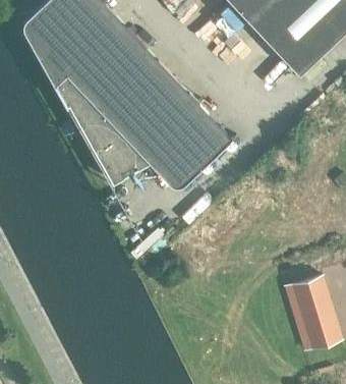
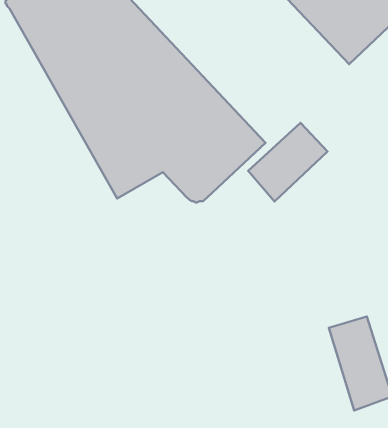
building: none -> [248,123,328,201]

